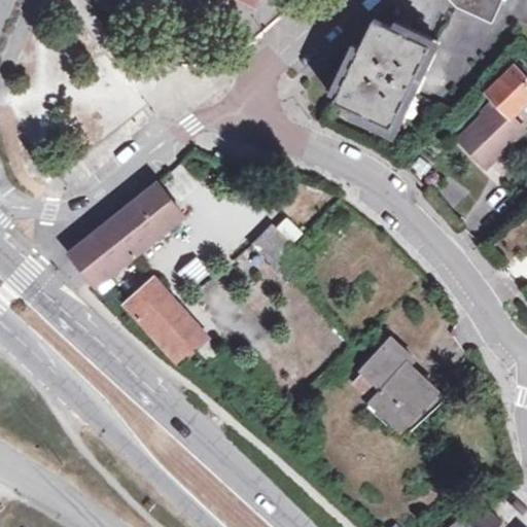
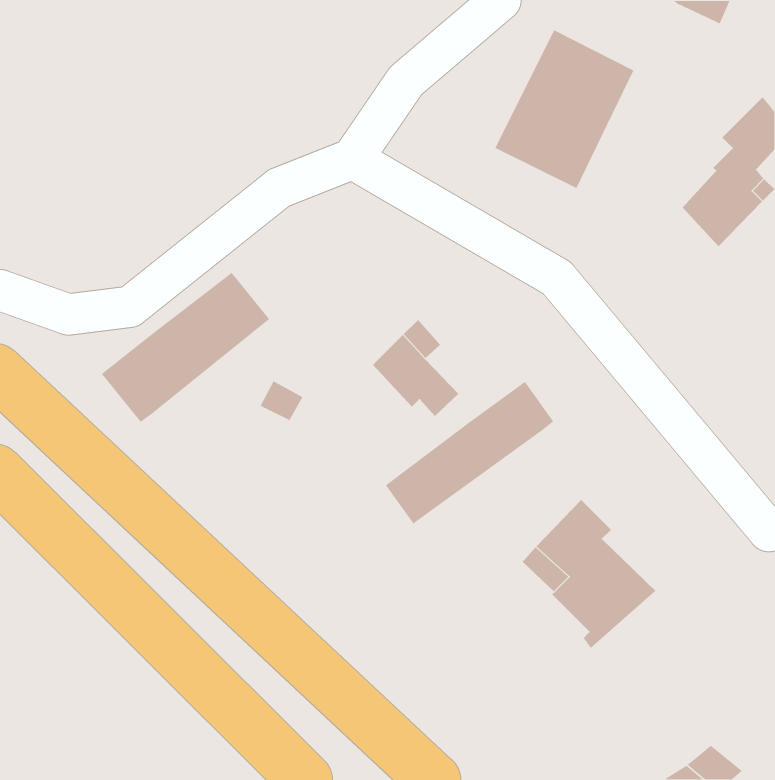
building: none -> [385,381,554,525]
building: [125,279,219,362] -> none

